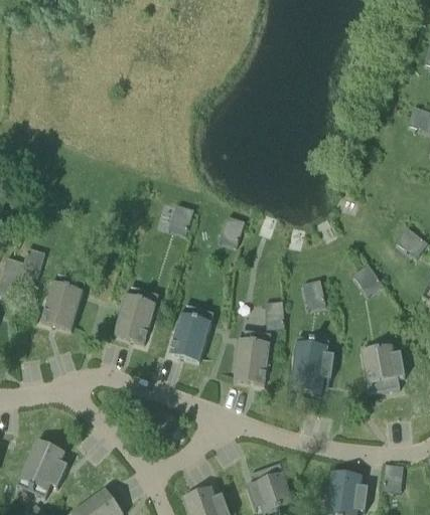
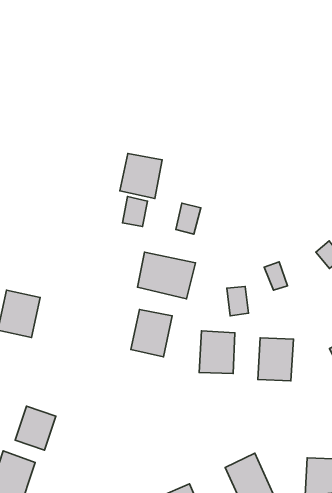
building: none -> [120,154,162,198]
building: none -> [137,252,195,299]
building: [113,296,156,344] -> none
building: none -> [15,406,56,450]

